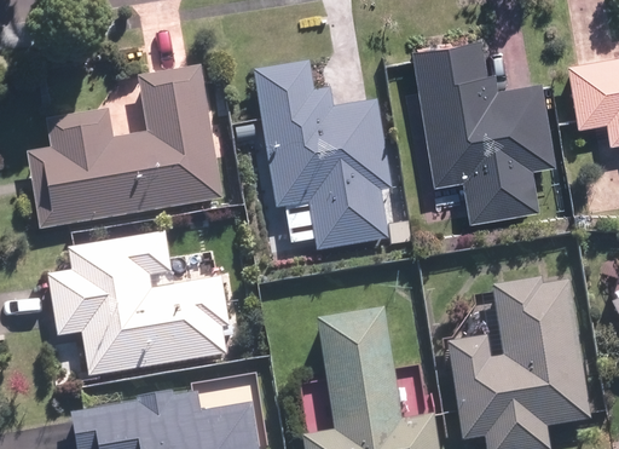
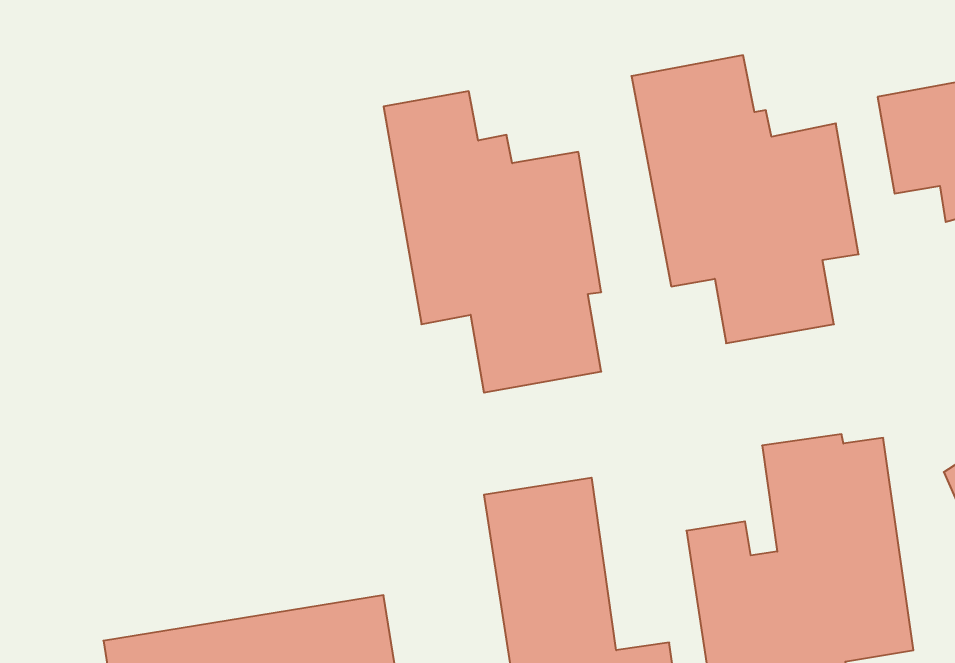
building: [27,65,224,229] -> none
building: [50,230,232,376] -> none

